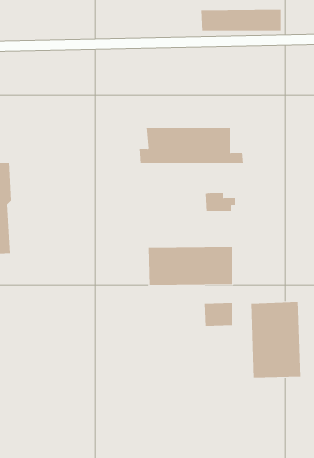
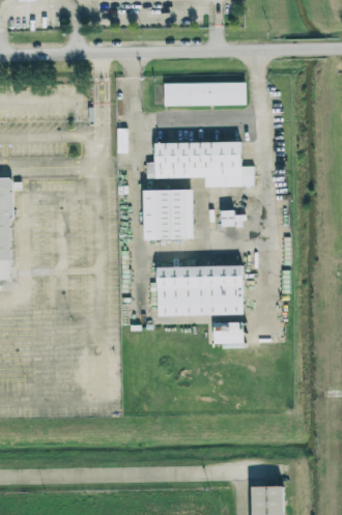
building: [200,9,281,31] -> [162,83,246,106]
building: none -> [153,188,192,242]
building: [251,301,301,378] -> none

